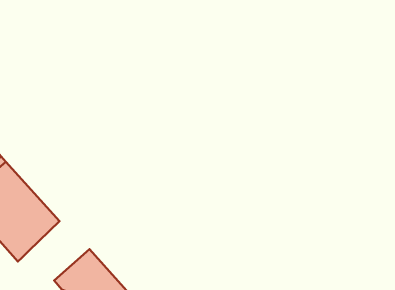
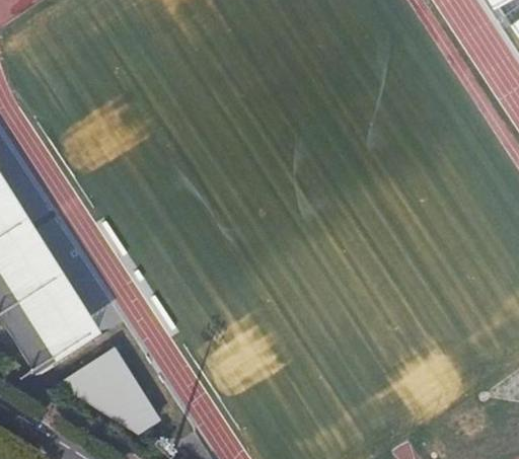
building: none -> [26,307,108,369]

